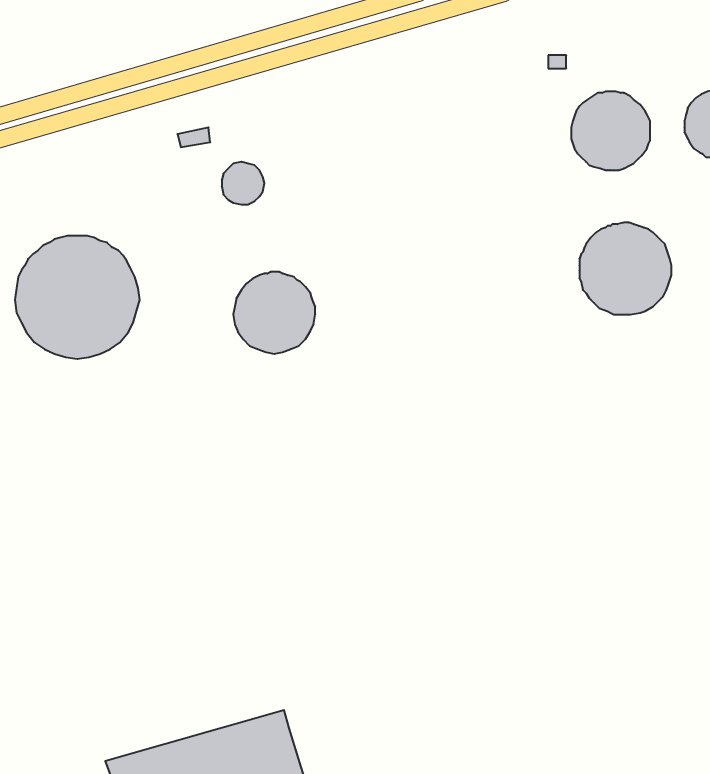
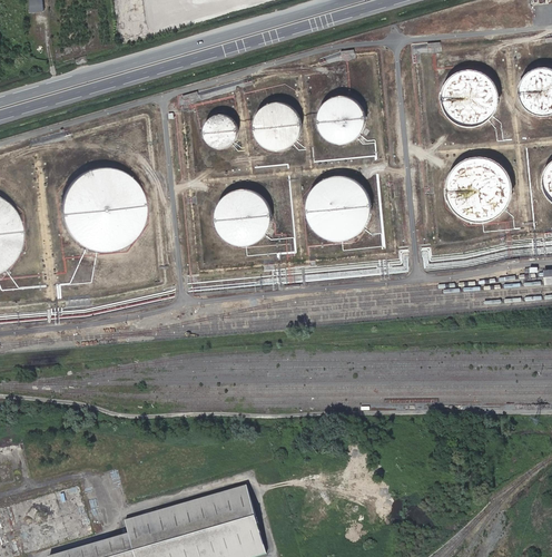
building: none -> [315,97,363,144]
building: none -> [252,101,299,149]
building: none -> [304,176,367,240]

